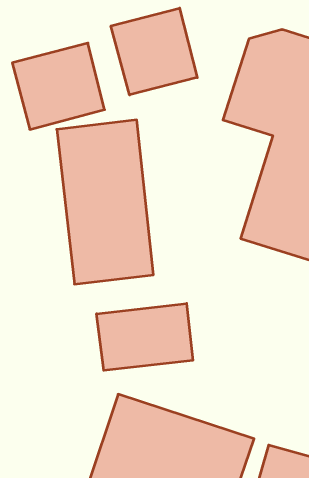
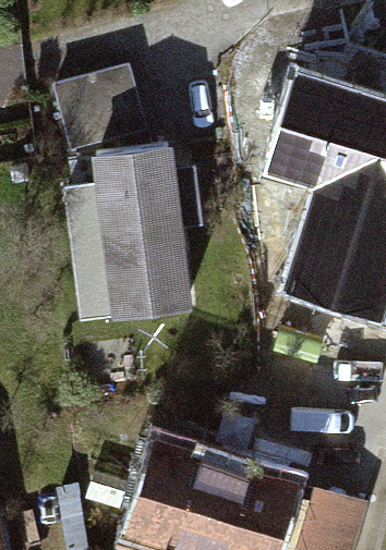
building: [111,8,197,95] -> none
building: [97,303,193,370] -> none

